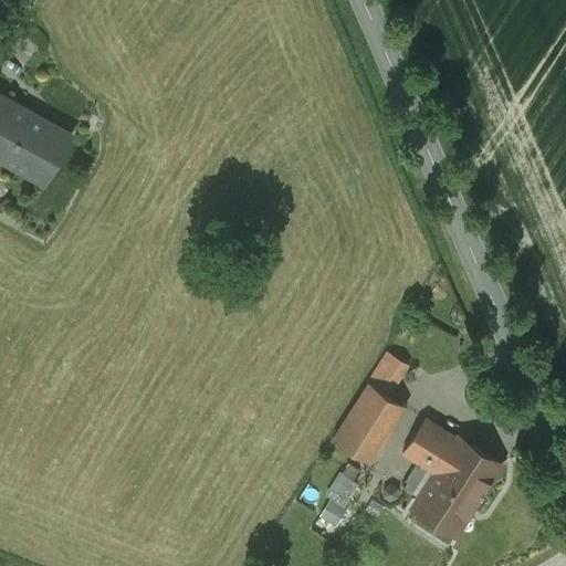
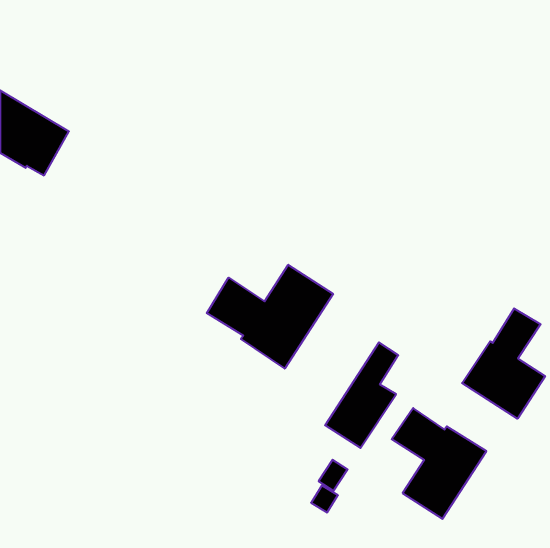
building: none -> [207,265,333,369]
building: none -> [462,308,545,419]

